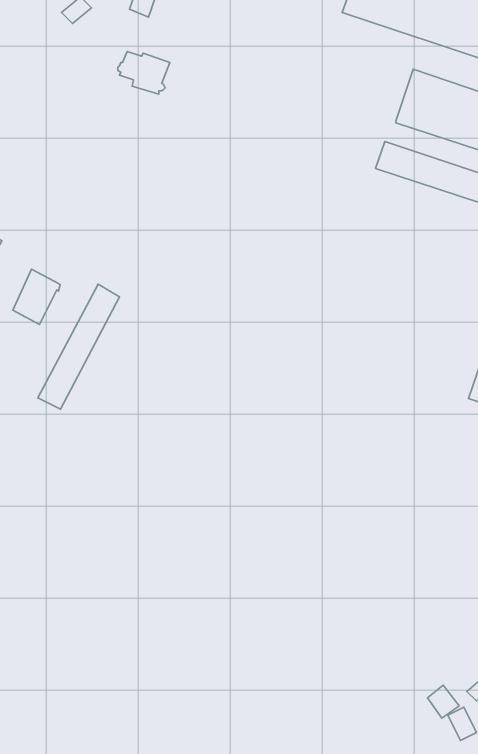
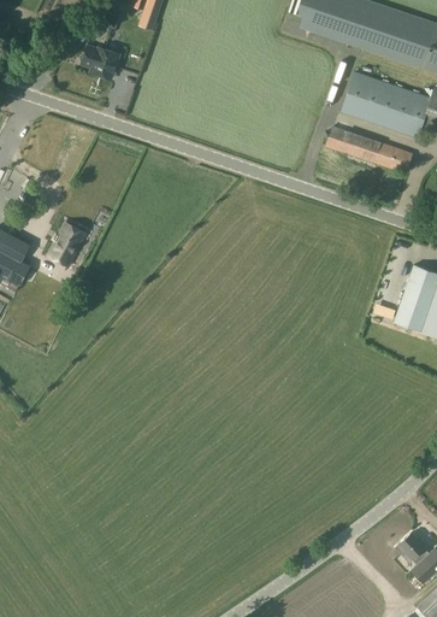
building: [118,52,170,94] -> [79,45,119,77]
building: [38,284,120,409] -> none

